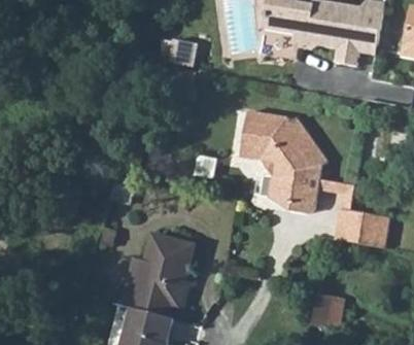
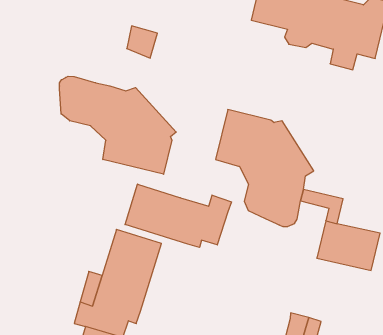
building: none -> [59,76,176,174]
building: none -> [125,184,232,247]

